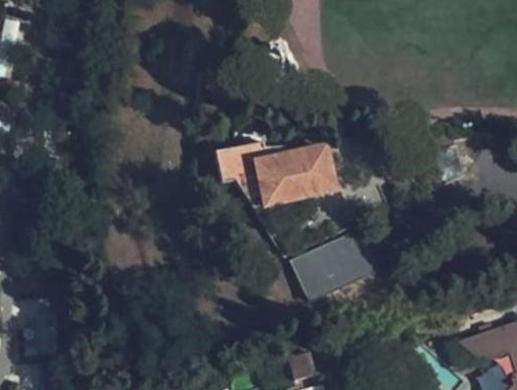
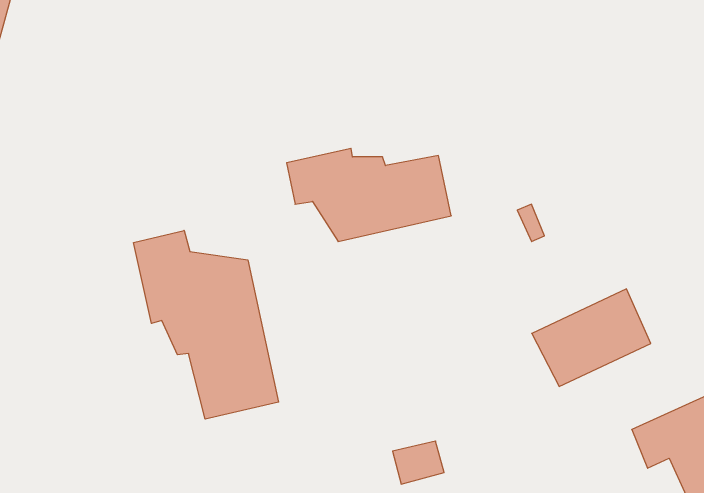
building: none -> [134,230,279,419]
building: [292,231,376,300] -> [532,289,651,386]

